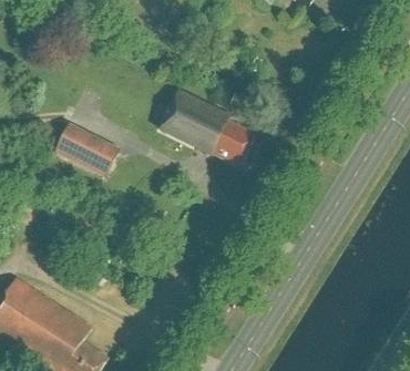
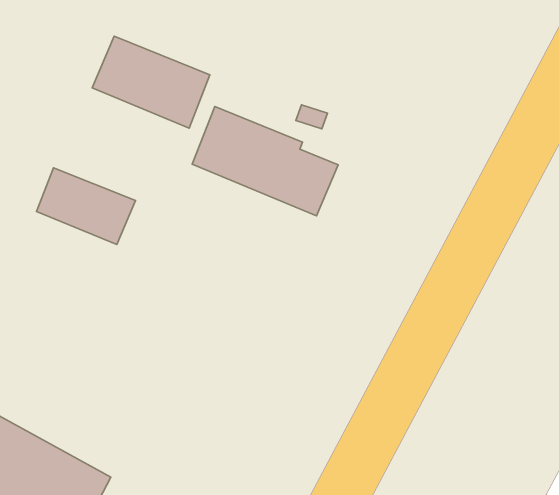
building: none -> [92,36,210,128]

